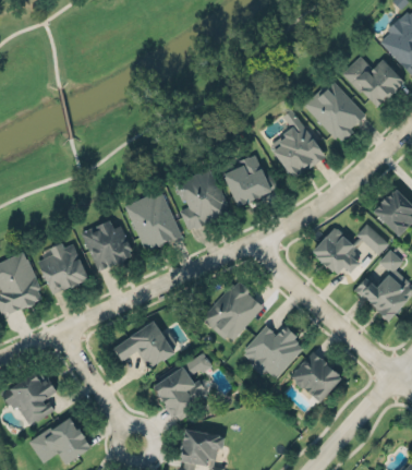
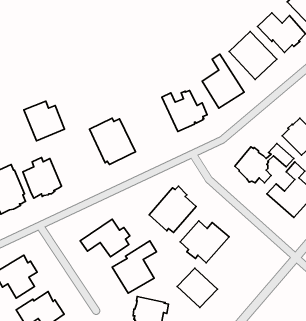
building: [175,168,230,230] -> none
building: [82,220,134,272] -> [24,101,64,141]
building: [290,351,342,402] -> [177,268,218,308]

